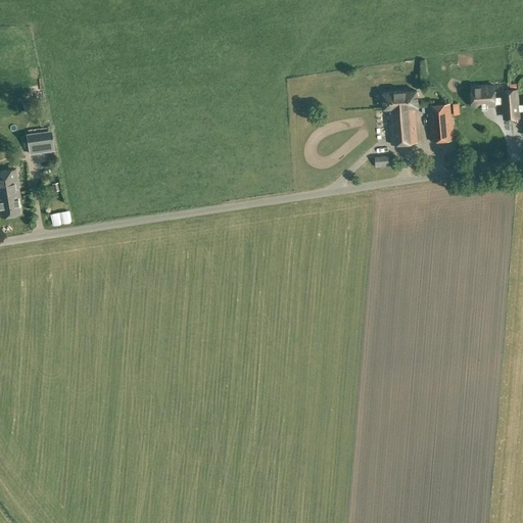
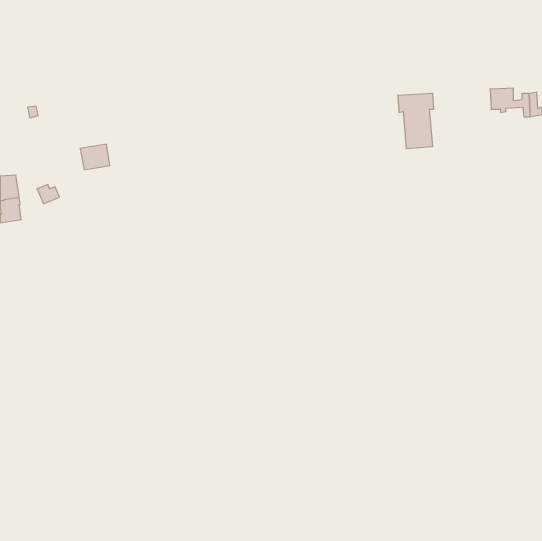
building: [428,103,454,142] -> none
building: [26,130,54,154] -> [80,144,110,170]

